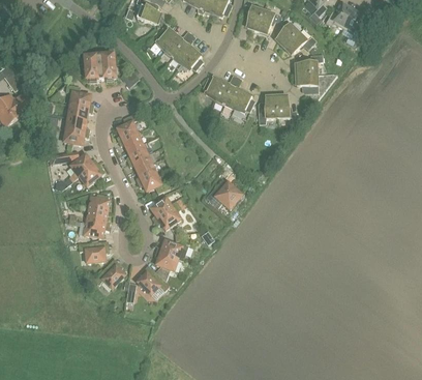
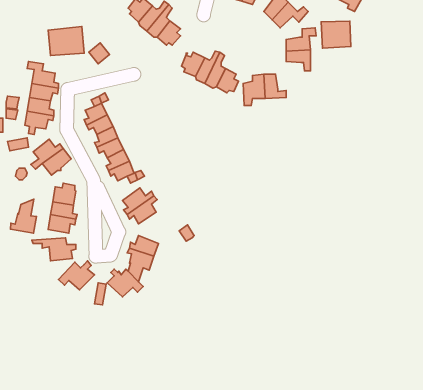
building: none -> [321,21,351,48]
building: [206,178,242,208] -> none
building: none -> [11,199,36,233]

